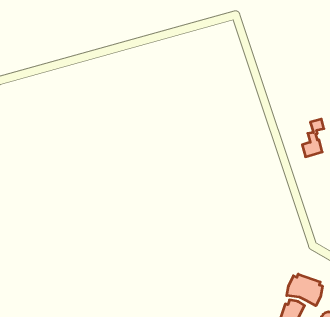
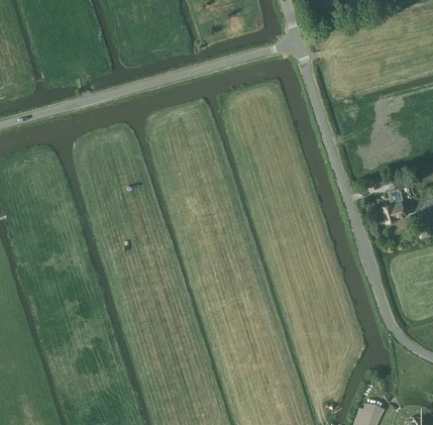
building: [287,274,322,306] -> none

